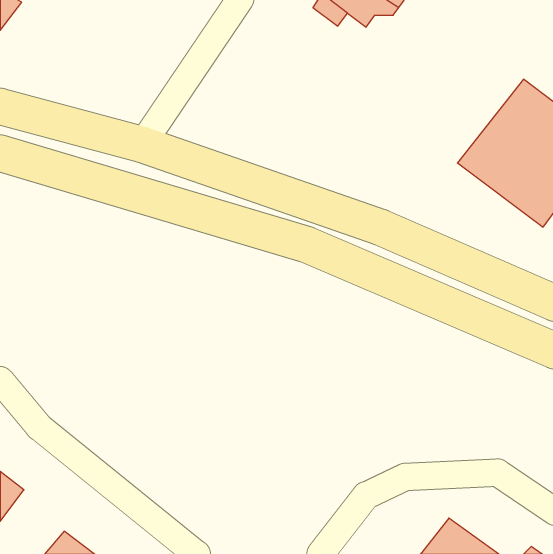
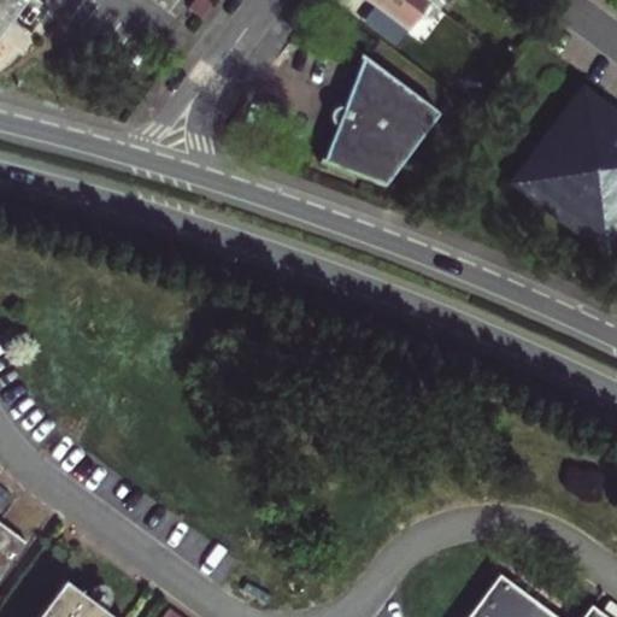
building: none -> [328,59,440,184]

